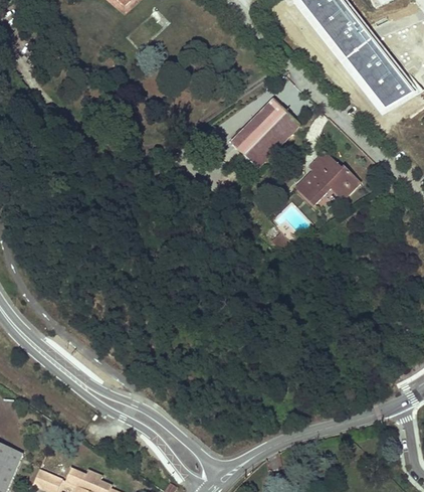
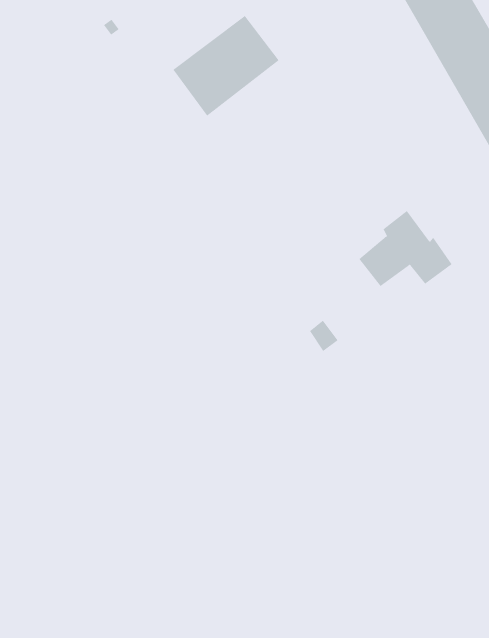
building: [231,97,300,167] -> [173,15,280,116]

